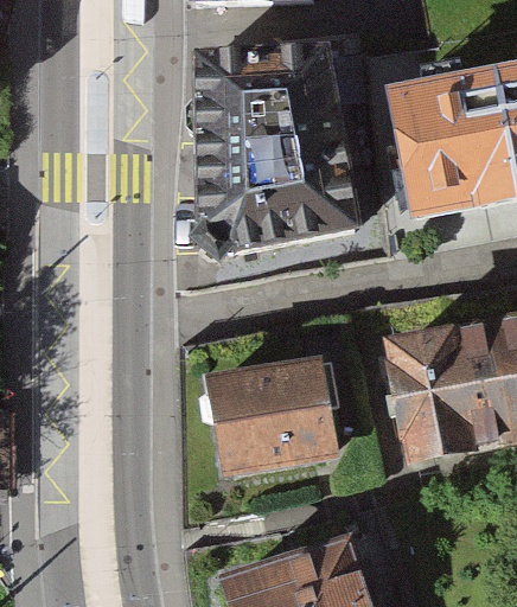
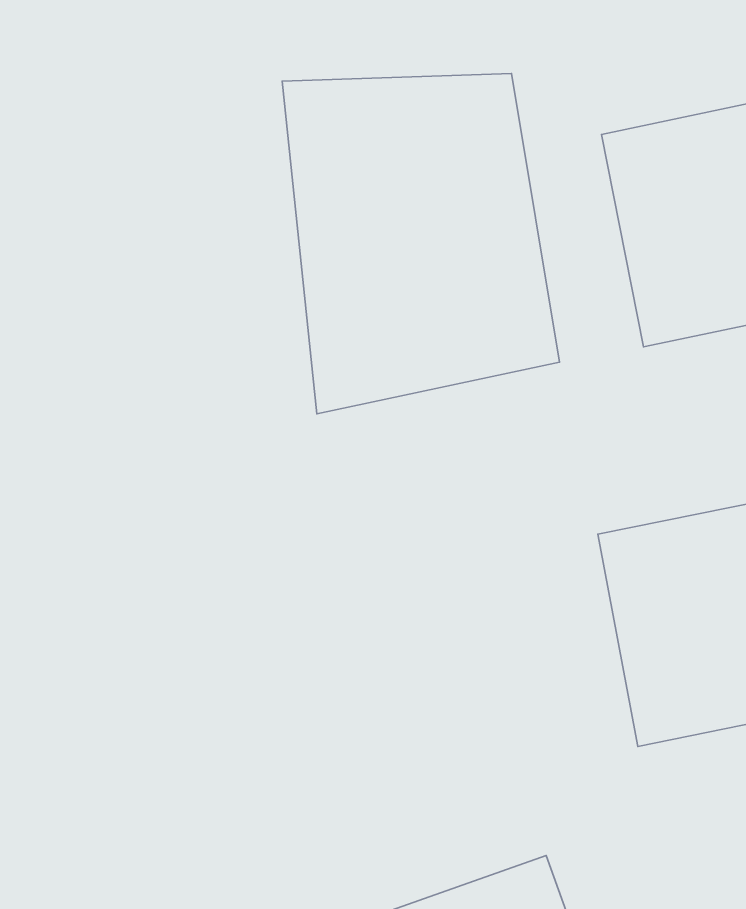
building: [204,354,340,479] -> none

